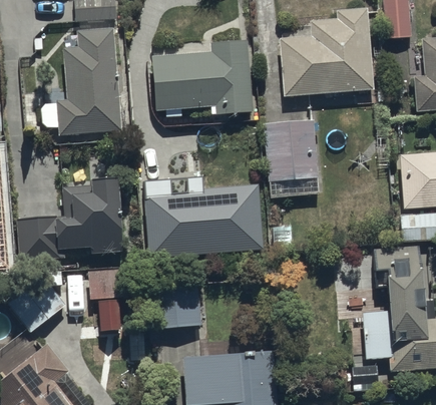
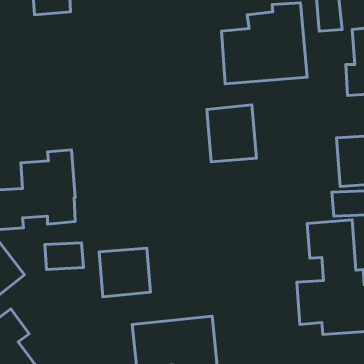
building: [57,28,121,136] -> none
building: [151,39,253,114] -> none
building: [143,188,265,260] -> none

